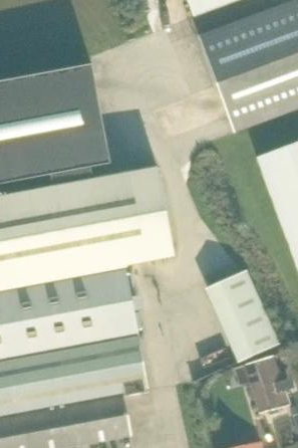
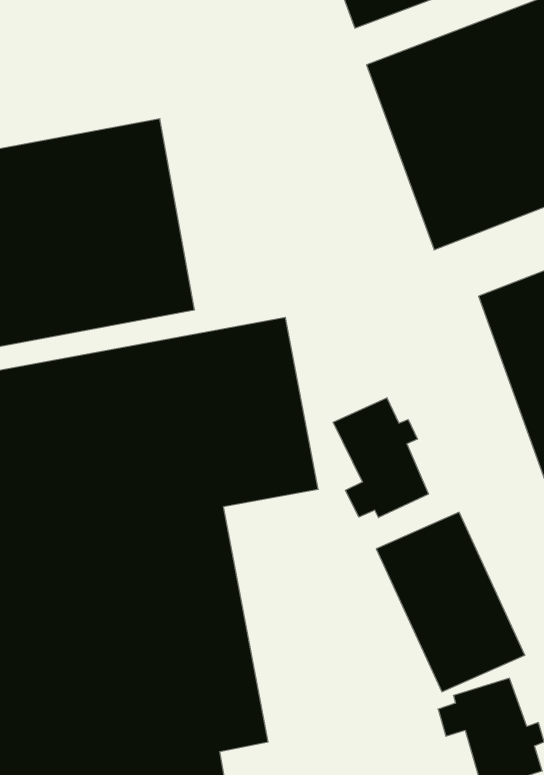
building: none -> [333,398,428,518]

